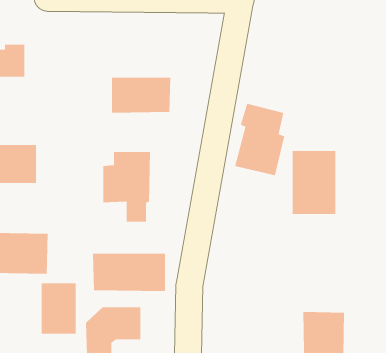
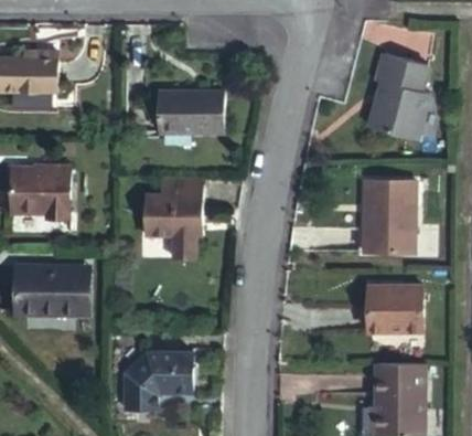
building: [234,103,285,176] -> [366,51,425,135]
building: none -> [366,284,422,331]
building: [92,253,166,292] -> none
building: [41,283,76,335] -> none

